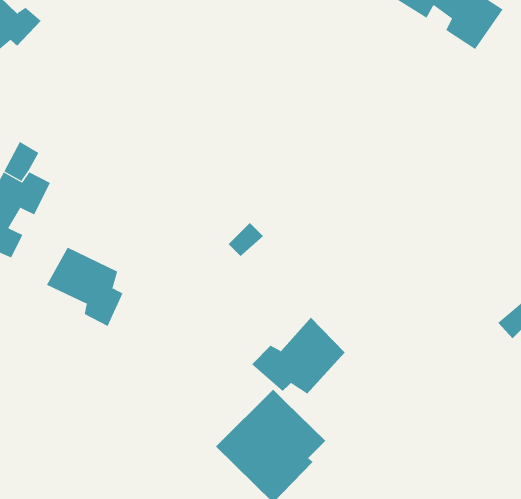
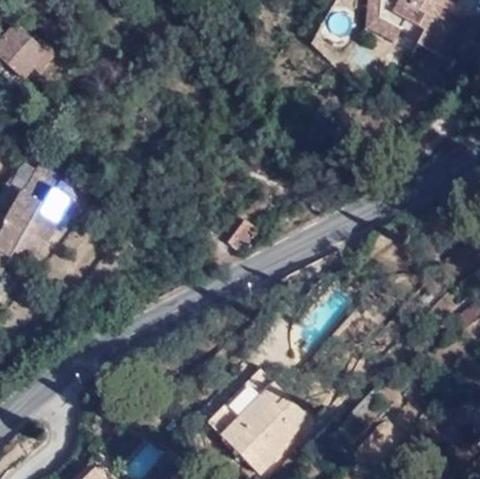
building: [46,247,123,327] -> none
building: [251,317,346,395] -> none

